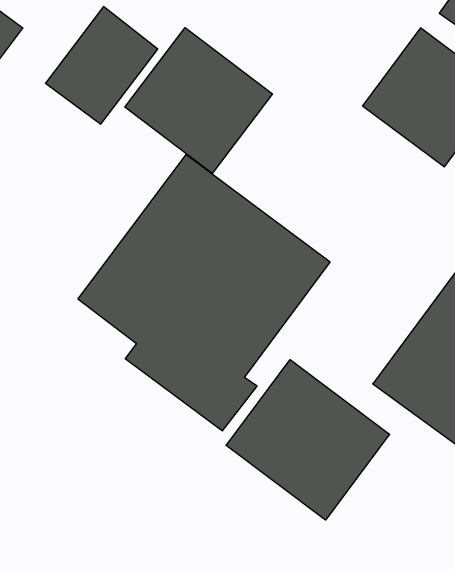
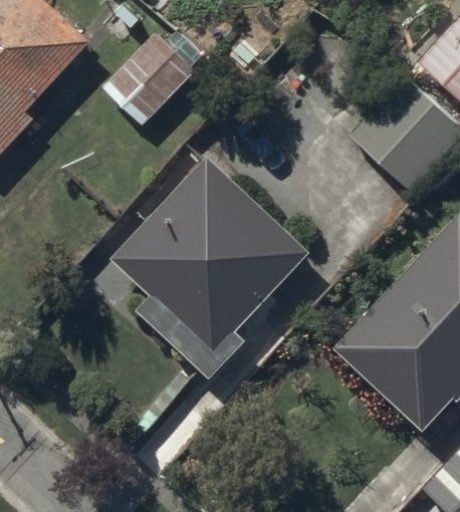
building: [125,28,273,173] -> none
building: [226,360,390,520] -> none

